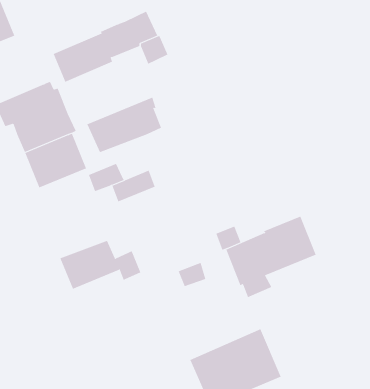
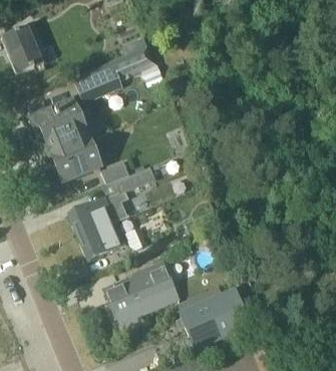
building: [87,97,162,153] -> [68,192,126,235]
building: [226,216,317,298] -> [102,260,173,323]

